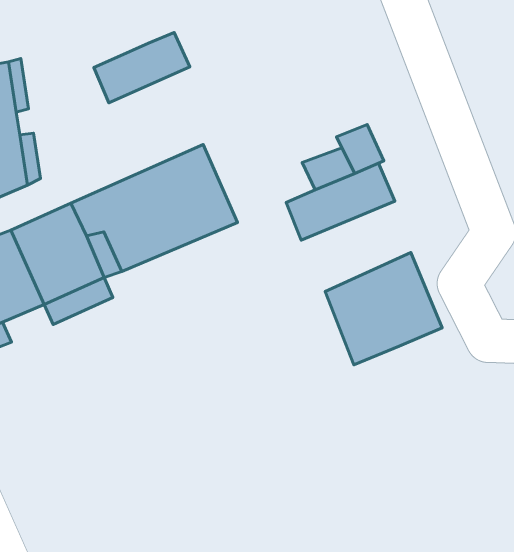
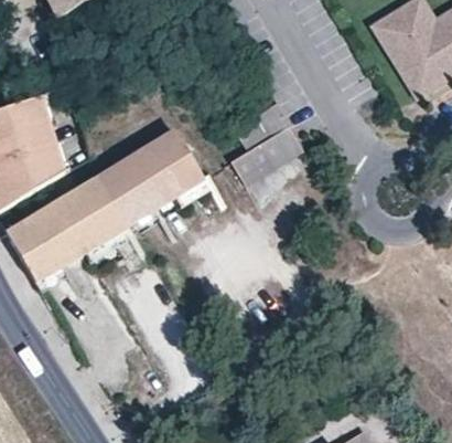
building: [94,33,190,103] -> none
building: [325,253,442,365] -> none

